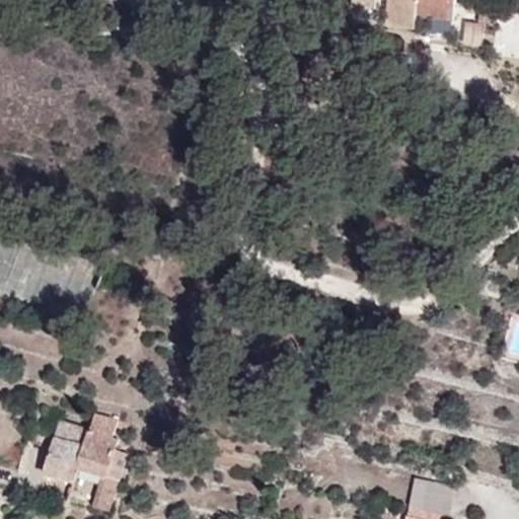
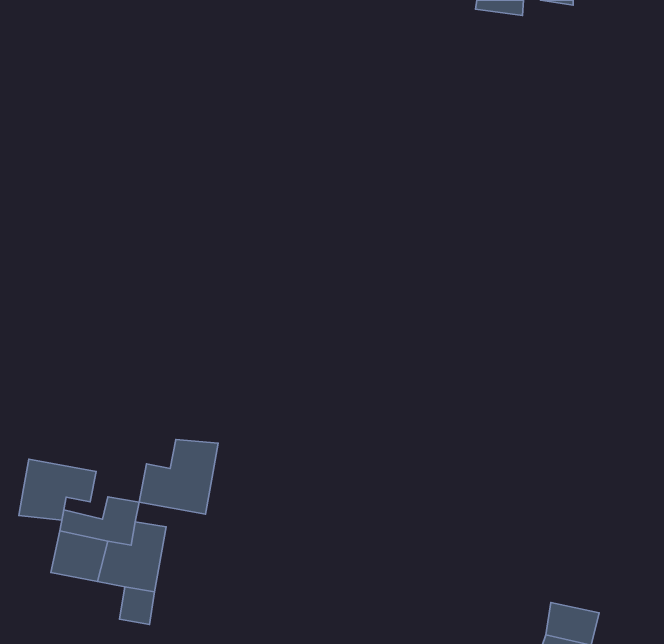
building: none -> [139,439,218,514]
building: none -> [19,459,96,520]

